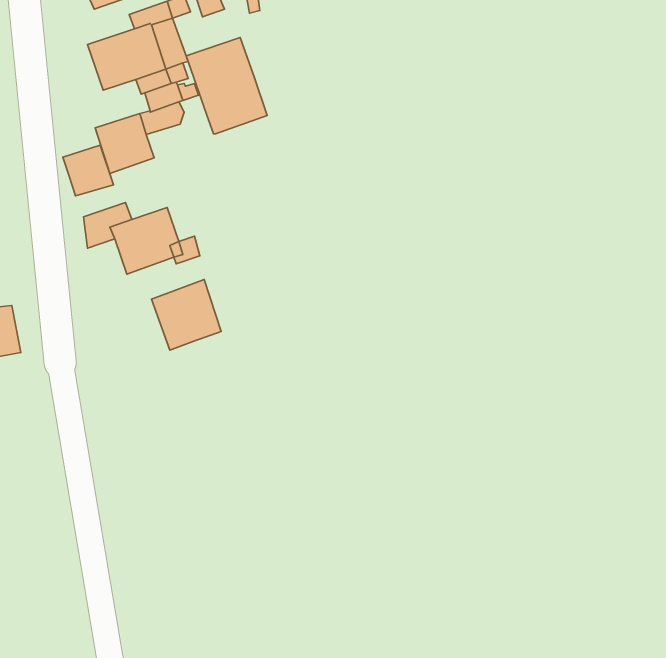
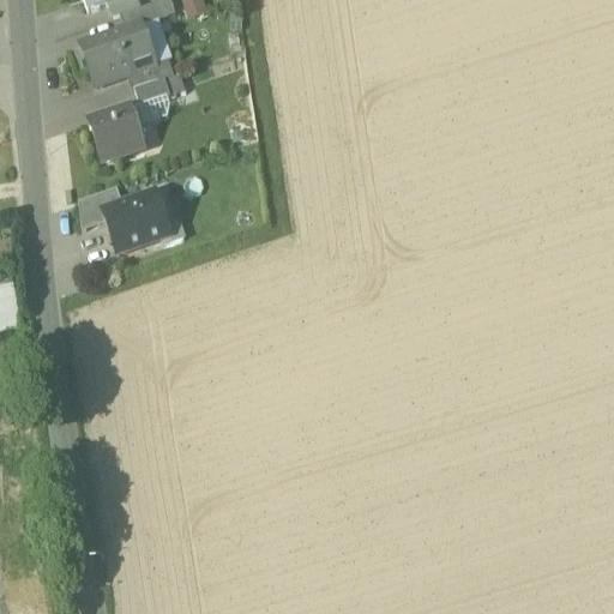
building: [186,38,267,134] -> none
building: [63,145,113,196] -> none
building: [151,280,221,350] -> none

